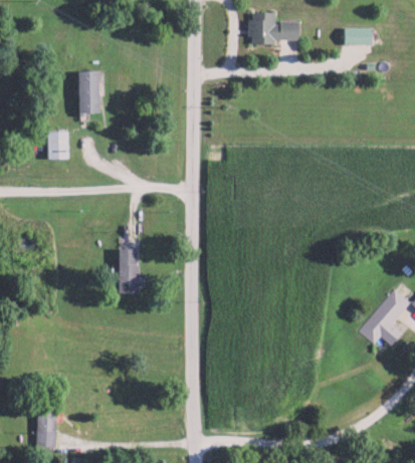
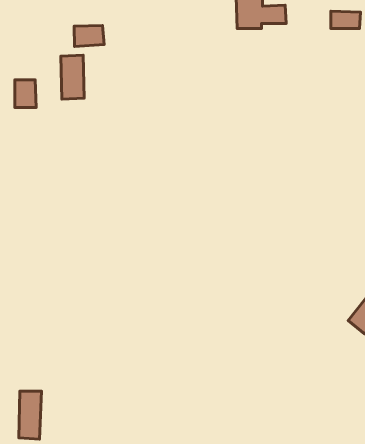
building: none -> [74,25,104,46]
building: [47,132,68,159] -> [15,80,36,108]
building: [119,249,146,291] -> none

